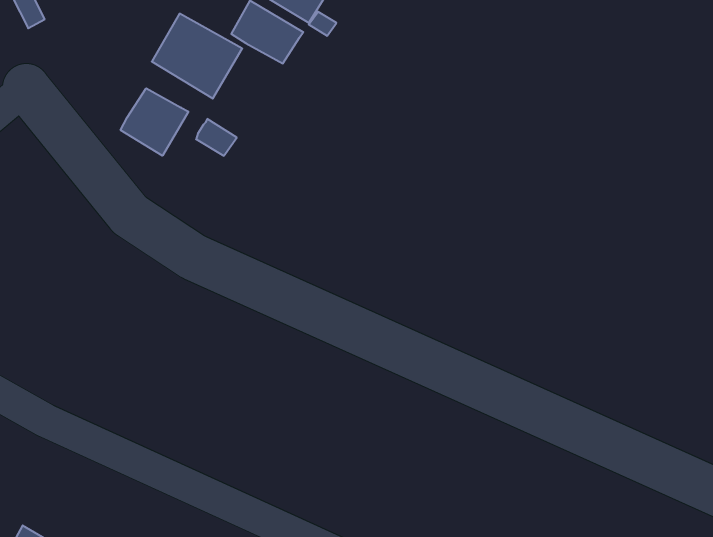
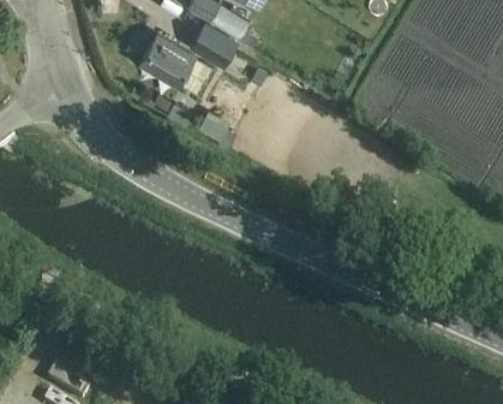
building: [121,88,188,156] -> none

